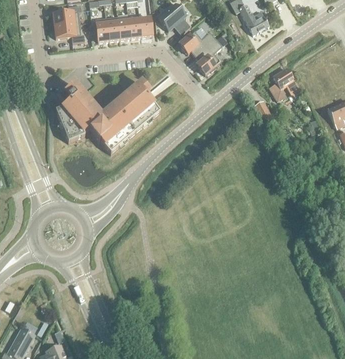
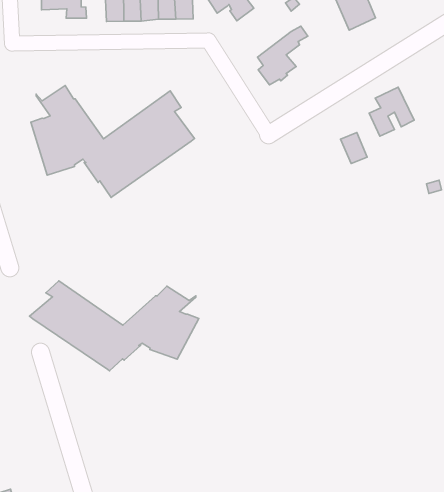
building: [179,30,215,56] -> none
building: none -> [30,281,199,371]

